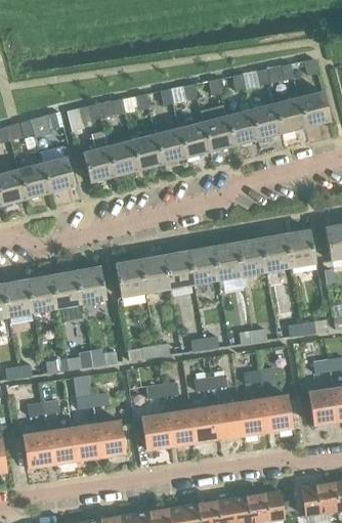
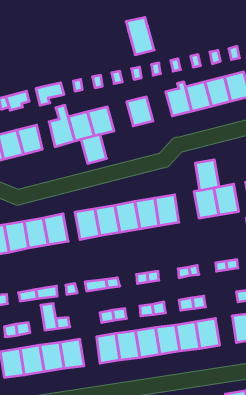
building: [200,105,234,151] -> [126,17,154,55]
building: [155,128,186,164] -> [81,134,107,163]
building: [238,238,267,276] -> [195,160,219,191]

